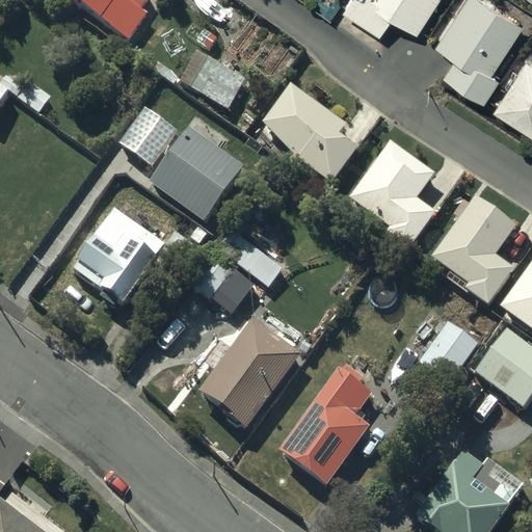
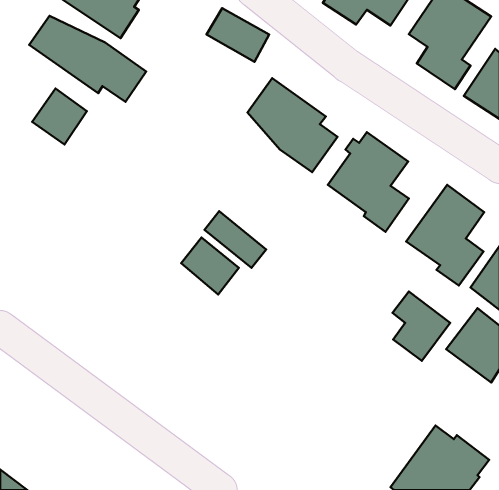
building: none -> [29,16,146,102]
building: [180,50,246,107] -> [207,8,269,62]
building: [116,105,175,164] -> [32,89,87,144]
building: [148,127,243,221] -> none
building: [73,206,167,302] -> none
building: [197,318,300,427] -> none
building: [278,363,373,486] -> none

